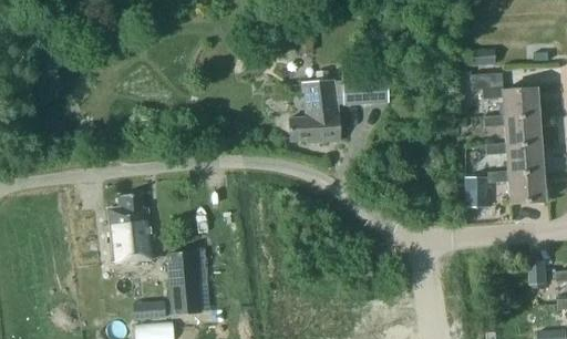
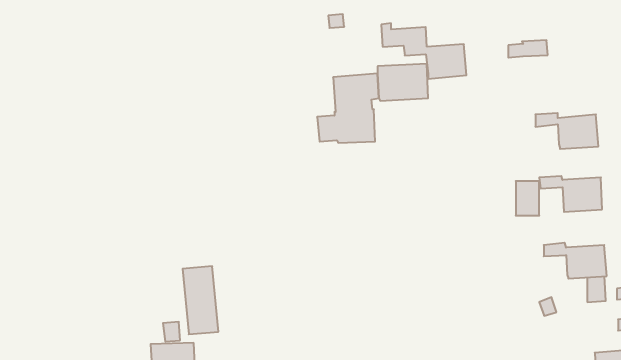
building: [463,70,539,120] -> [381,23,466,79]
building: [487,143,544,175] -> [544,243,607,279]
building: [109,194,154,264] -> none

